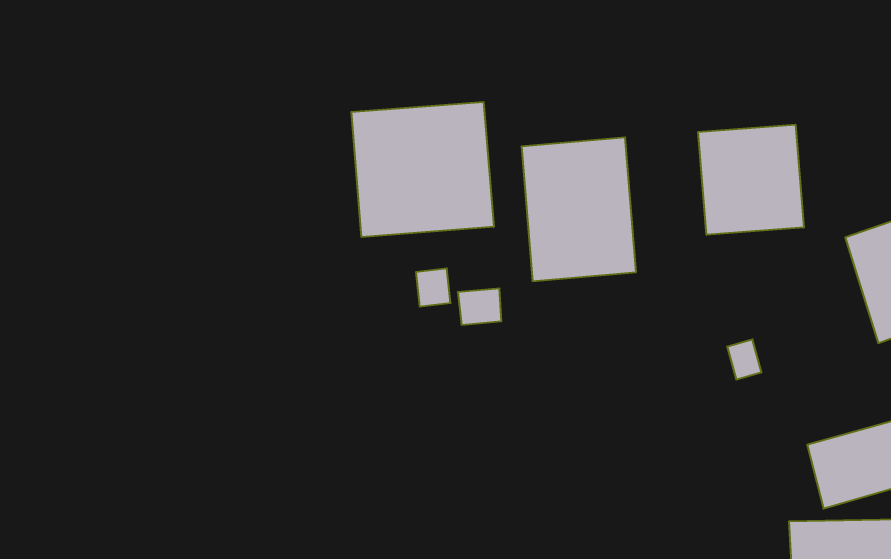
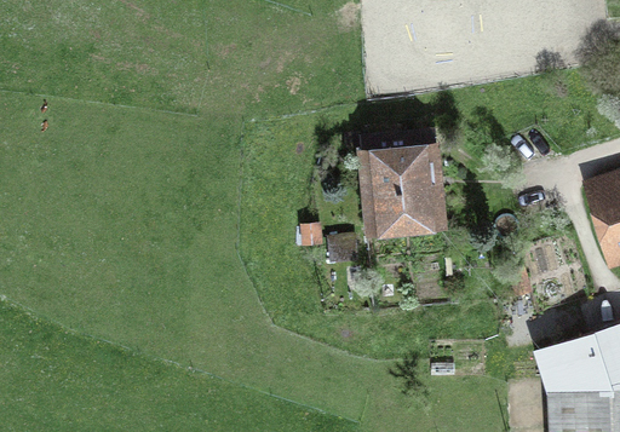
building: [351,102,494,237] -> none
building: [698,125,804,235] -> none

